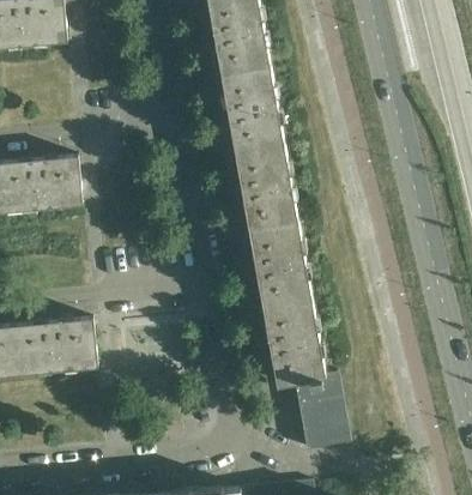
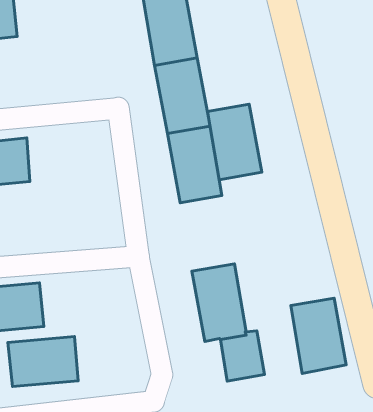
building: [249,222,310,307] -> [207,104,262,180]
building: none -> [291,298,346,373]
building: none -> [8,337,78,387]
building: [302,423,347,451] -> none

